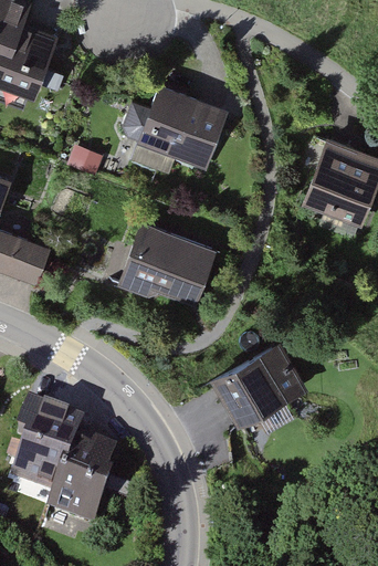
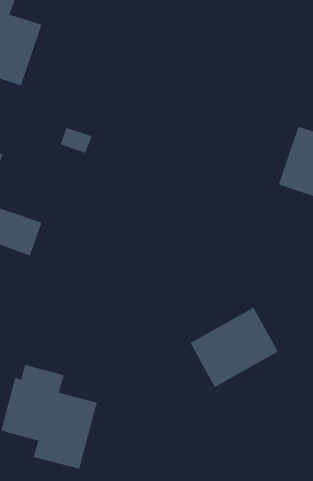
building: [136,85,227,169] -> none
building: [117,221,219,308] -> none

